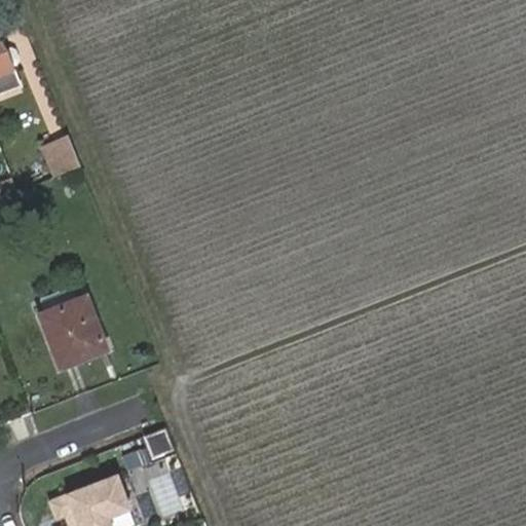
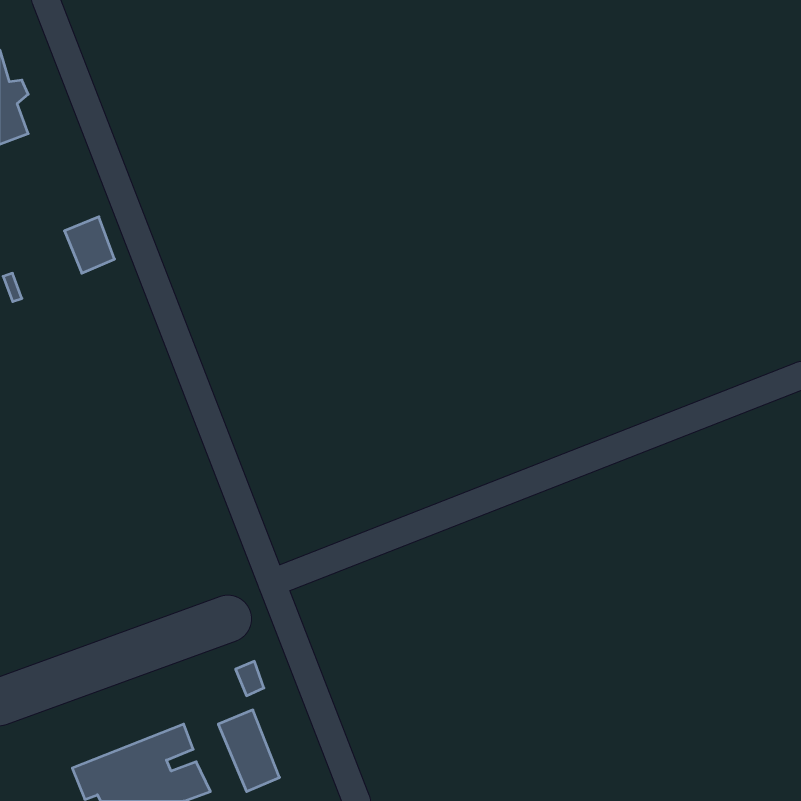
building: [39,294,104,363] -> none

